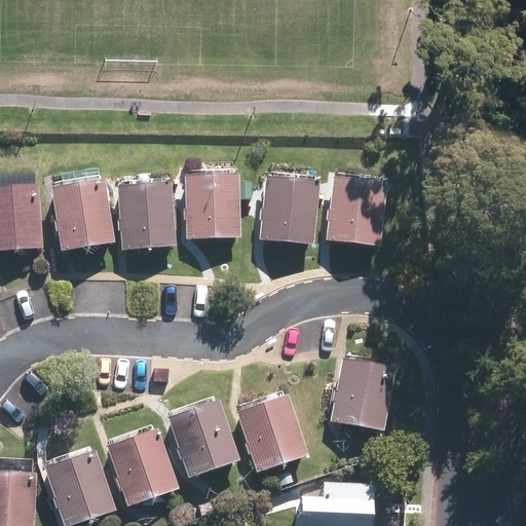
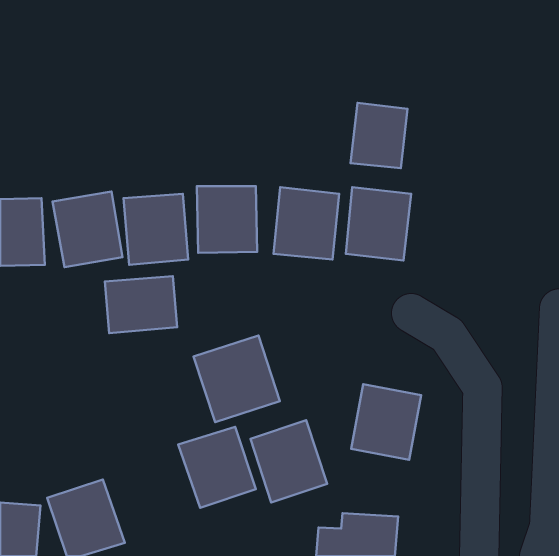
building: none -> [351,103,408,168]
building: none -> [105,276,177,333]
building: none -> [194,336,280,422]
building: [106,429,179,506] -> none

